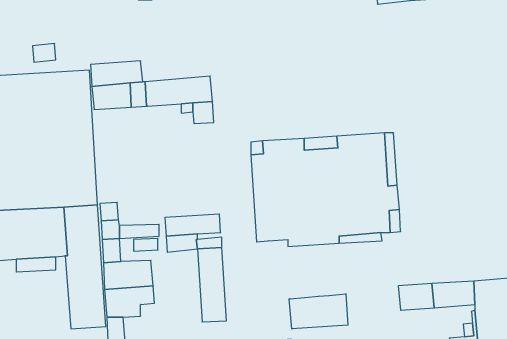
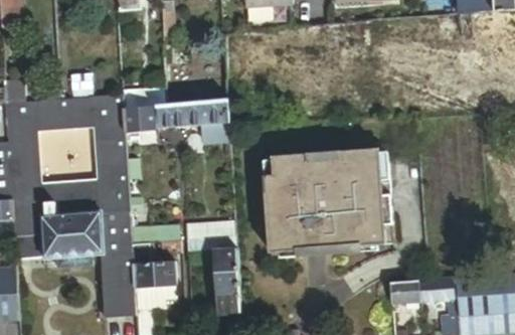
building: [289,294,348,329] -> none

